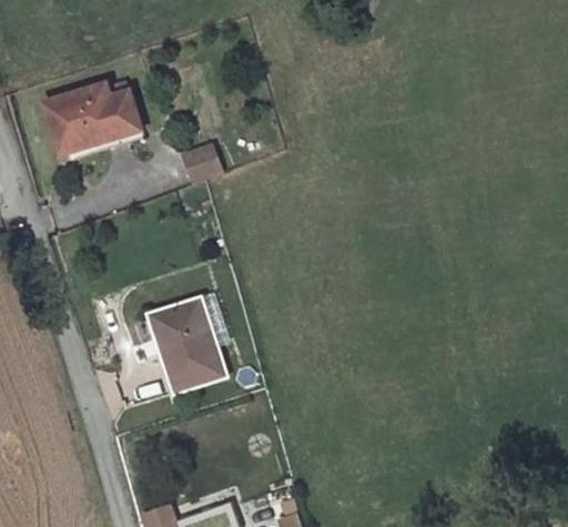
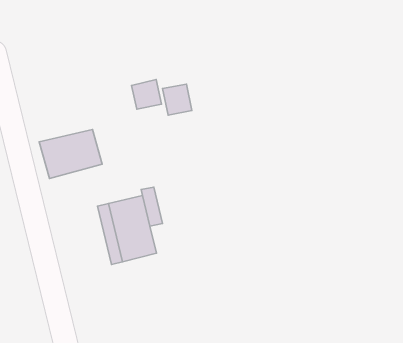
building: [43,84,129,153] -> [39,129,102,178]
building: none -> [163,84,192,115]

